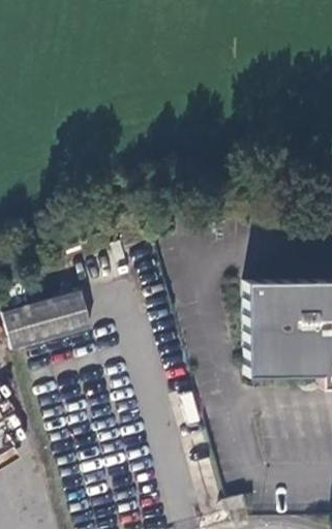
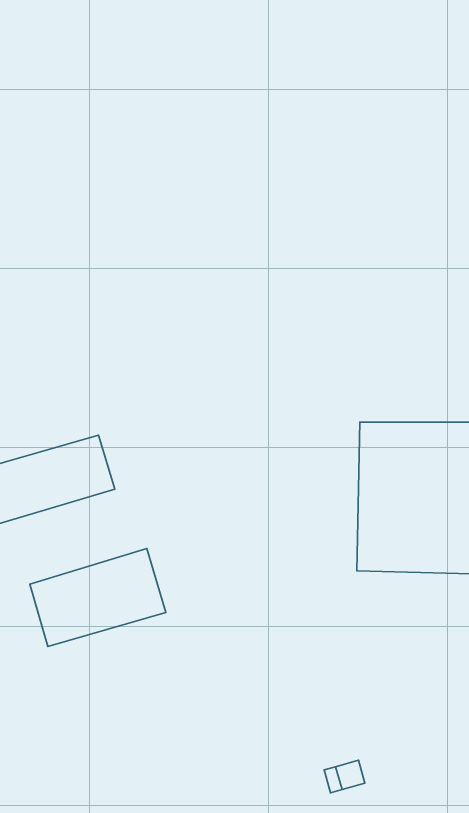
building: none -> [30,548,166,647]

